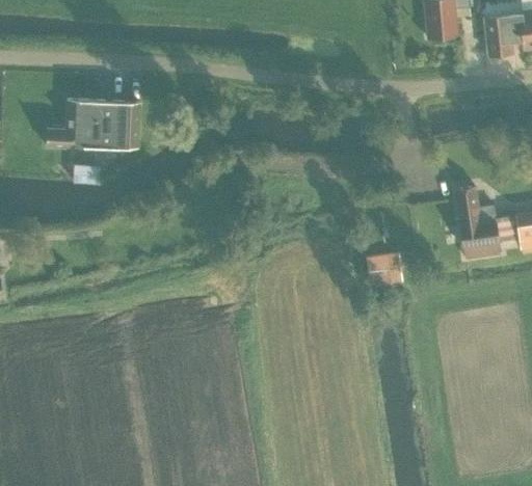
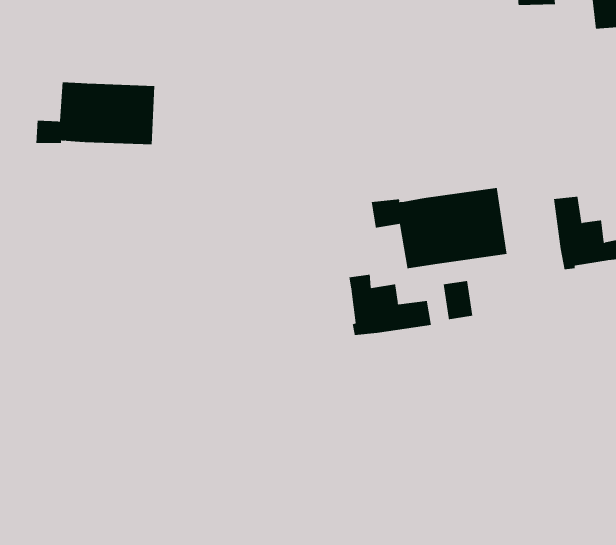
building: none -> [371,187,507,269]
building: none -> [349,274,432,336]

